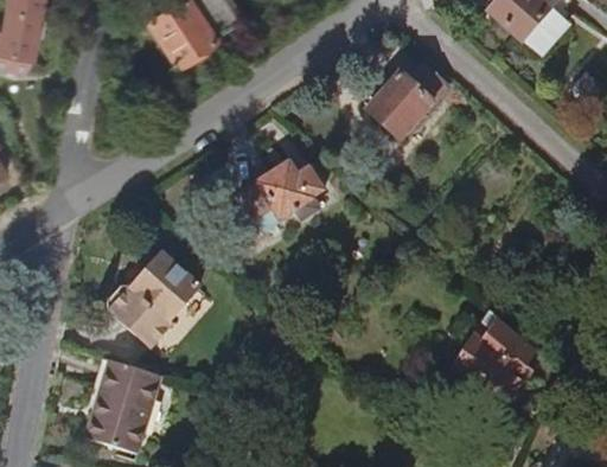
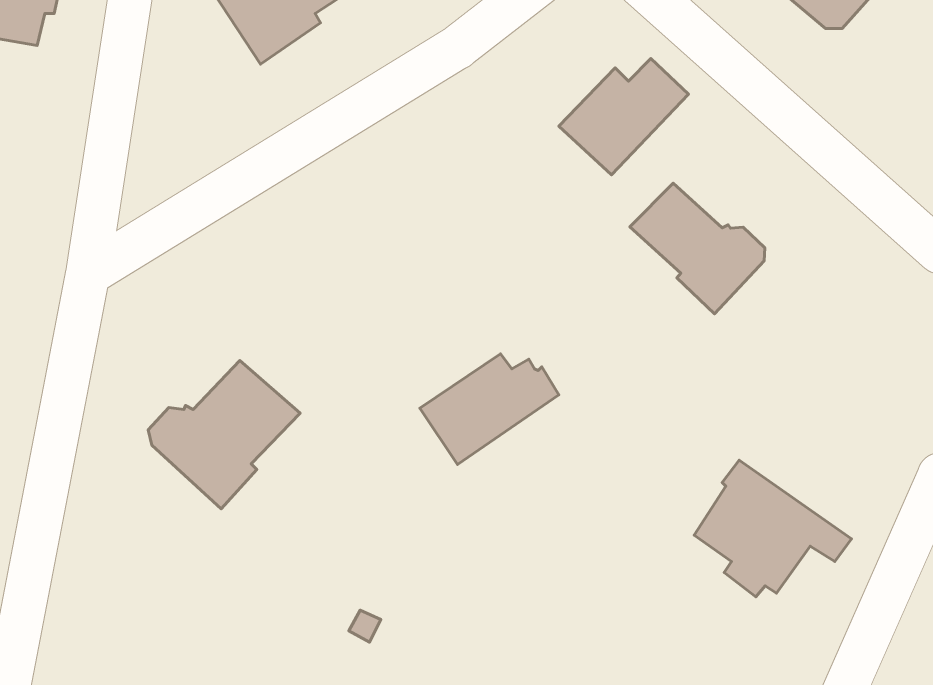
building: none -> [630,183,765,314]
building: [239,160,327,230] -> [420,354,559,464]
building: [90,357,162,449] -> none

